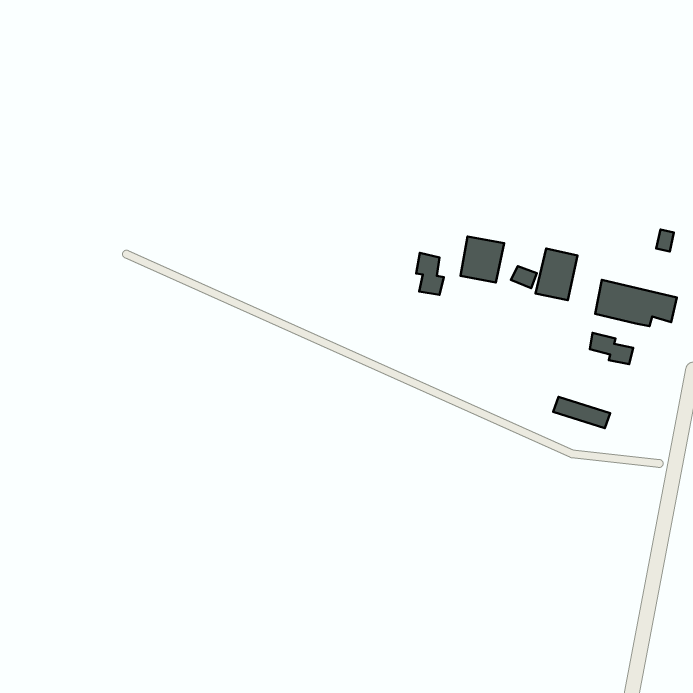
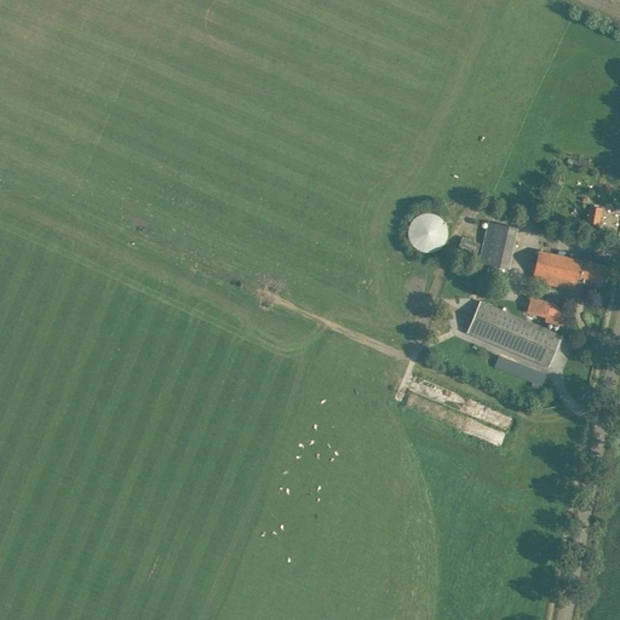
building: [416,253,444,295] -> none
building: none -> [465,299,561,366]

